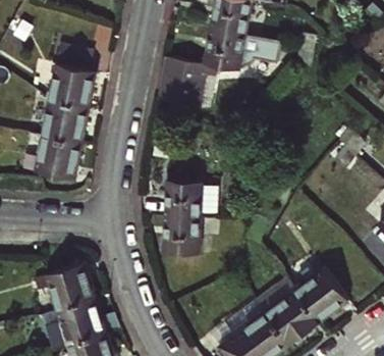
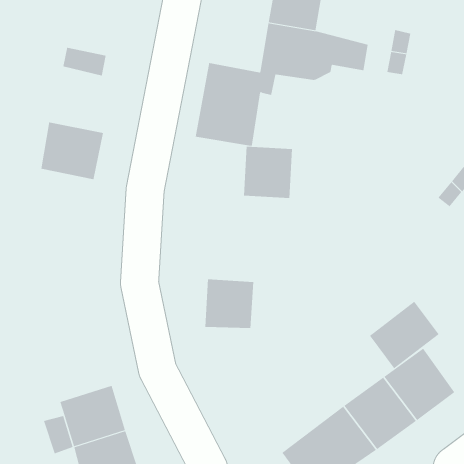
building: [47,63,95,109] -> none
building: [34,136,80,179] -> none
building: [164,181,201,219] -> [243,146,293,199]
building: none -> [369,301,439,369]
building: [45,264,94,308] -> none

